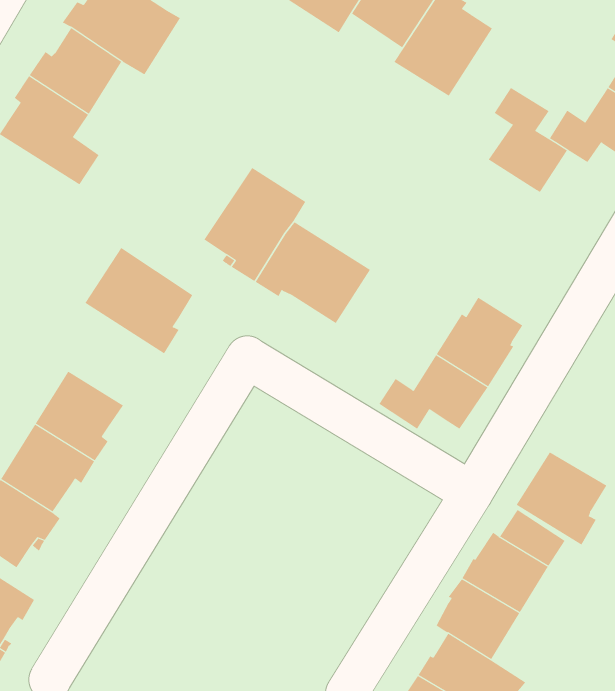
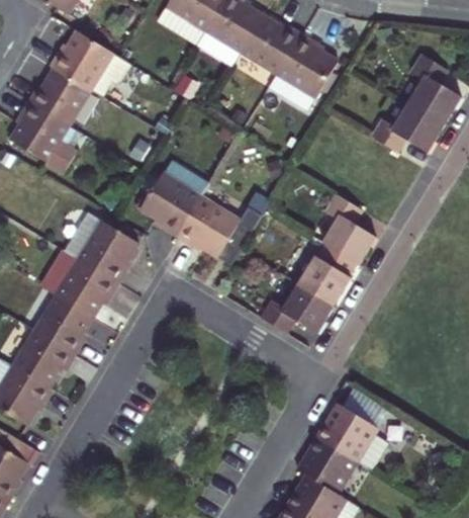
building: [488,87,568,193] -> [324,195,378,266]
building: none -> [39,250,117,319]
building: [516,451,607,546] -> none

